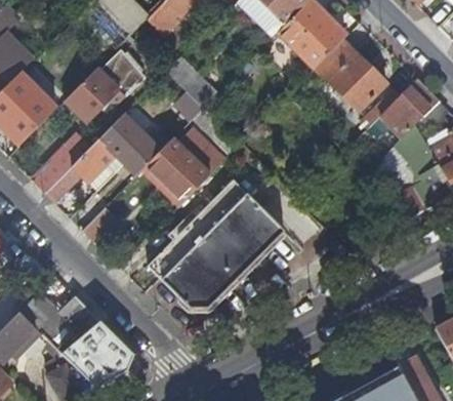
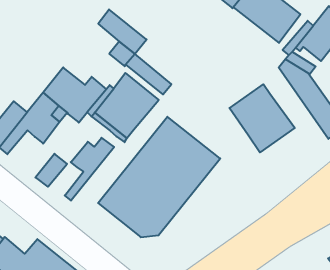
building: [67,50,147,123] -> none
building: none -> [229,84,295,152]
building: none -> [65,138,114,201]

